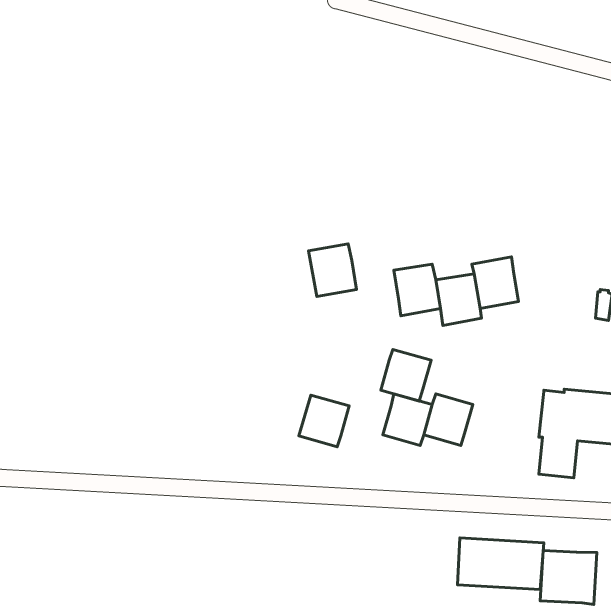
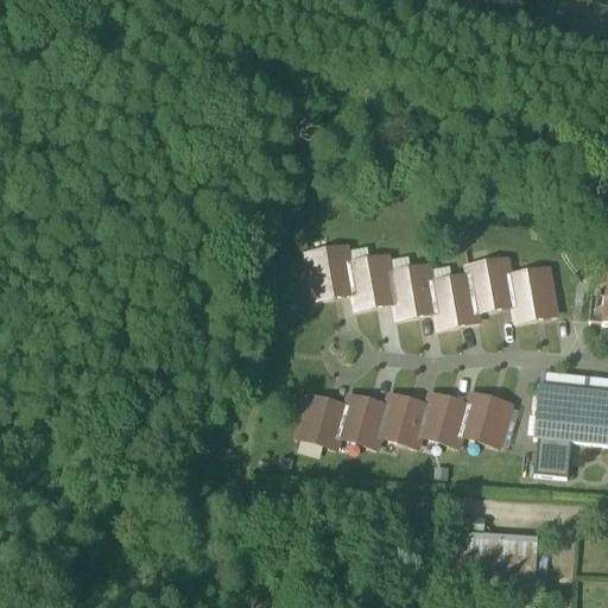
building: none -> [350,255,397,306]
building: none -> [511,267,558,318]
building: [381,349,431,401] -> [340,394,390,445]
building: none -> [462,392,513,443]
building: [540,551,597,604] -> none

